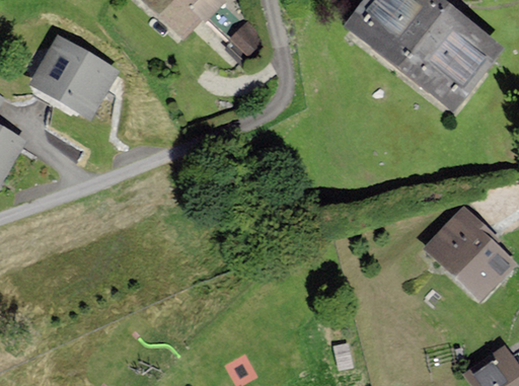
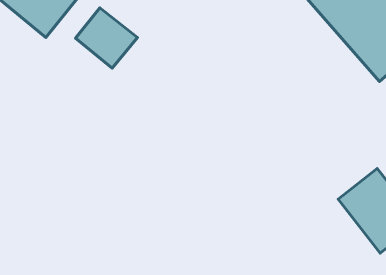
building: none -> [75,8,137,68]

